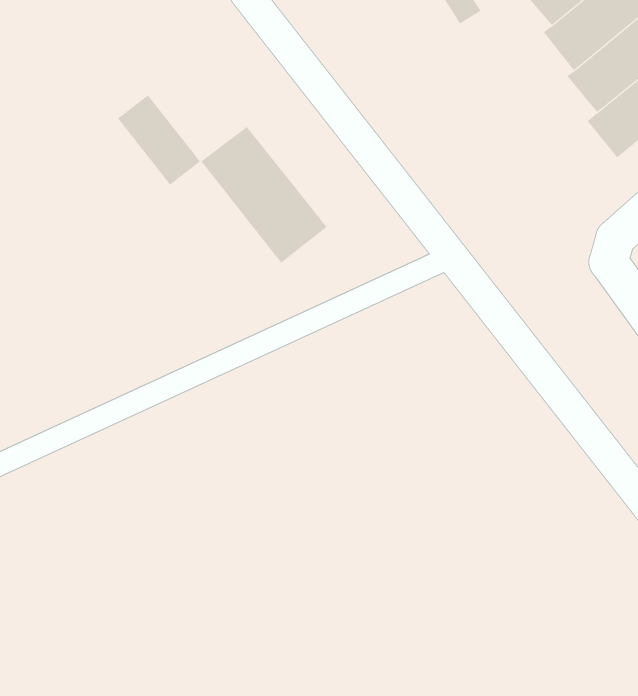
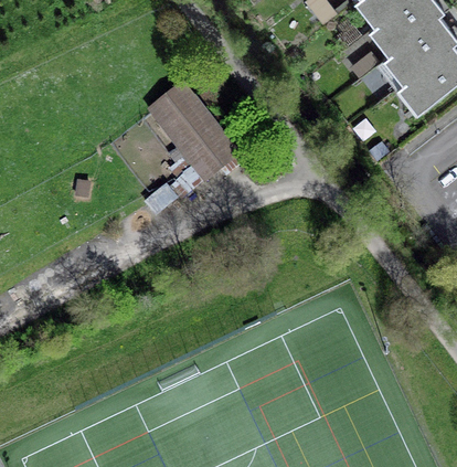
building: [117,94,201,186] -> none

